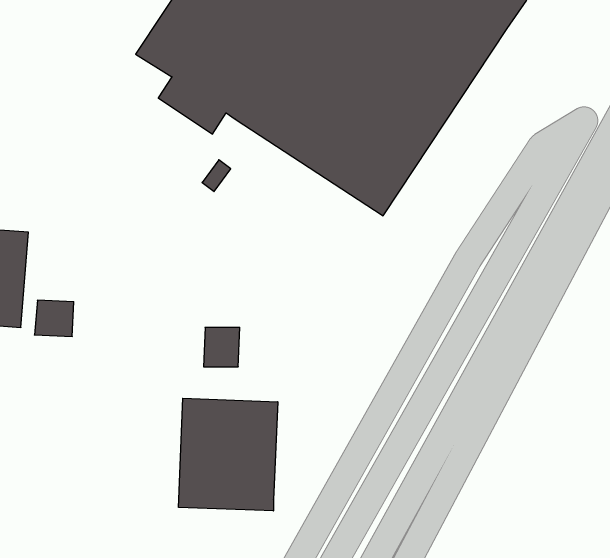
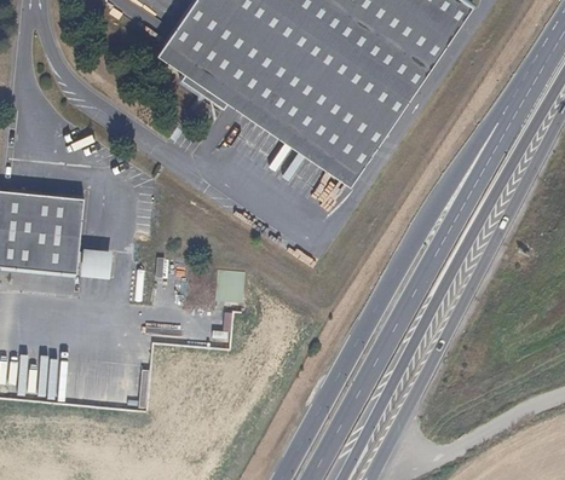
building: [179,398,278,511] -> none

